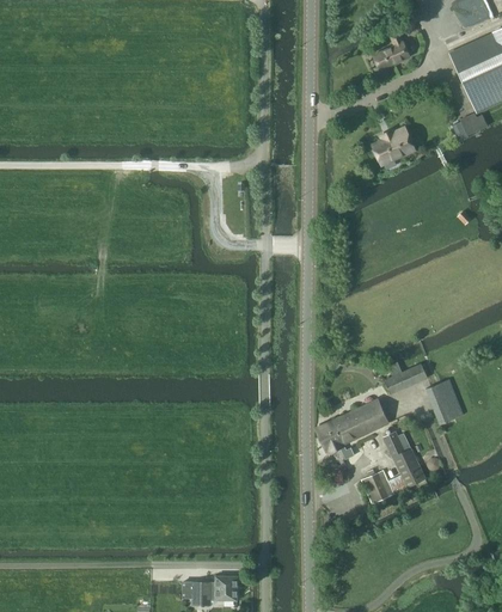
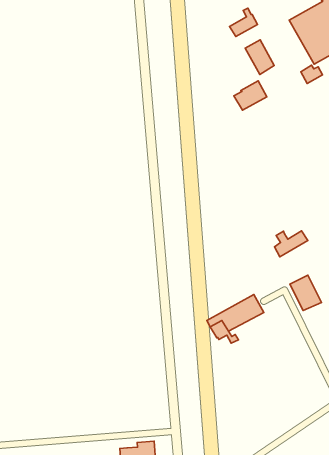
building: none -> [245,40,274,75]
building: [384,362,427,394] -> [274,231,308,257]
building: [361,432,426,503] -> none

